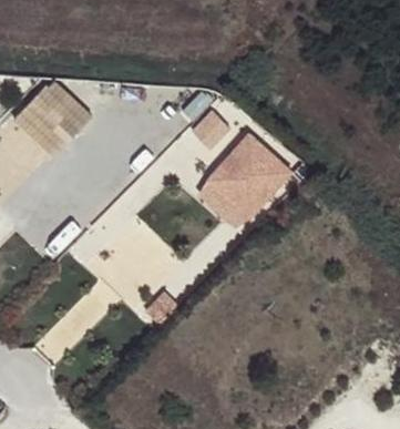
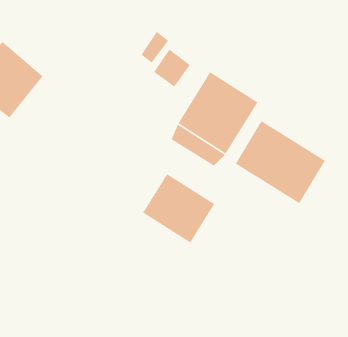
building: none -> [235,120,326,204]
building: none -> [142,173,215,243]

